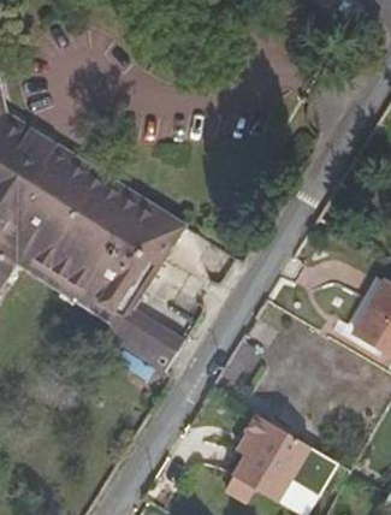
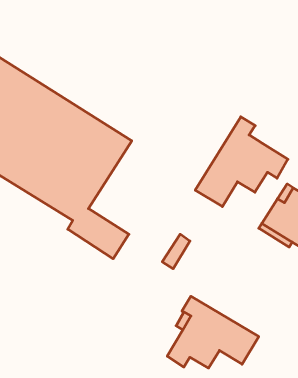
building: none -> [195,117,288,207]

